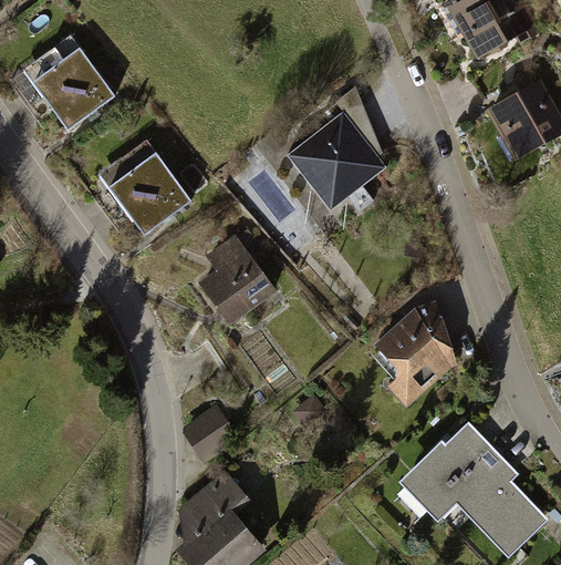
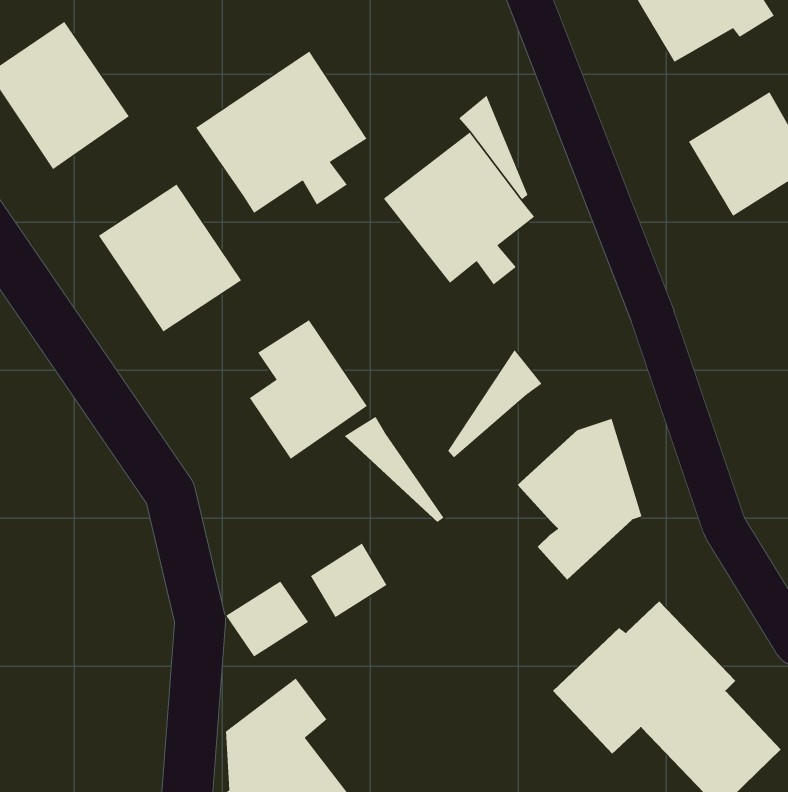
building: none -> [195,51,367,214]
building: none -> [447,349,543,459]
building: none -> [344,416,444,523]
building: none -> [310,543,387,618]

